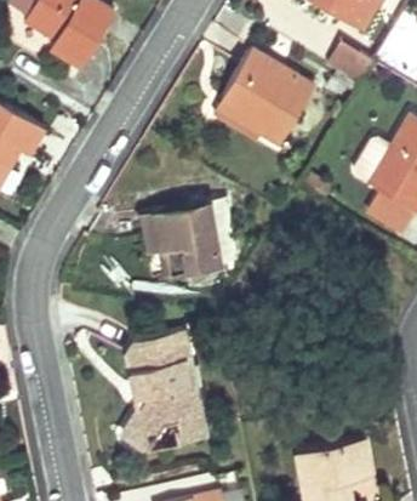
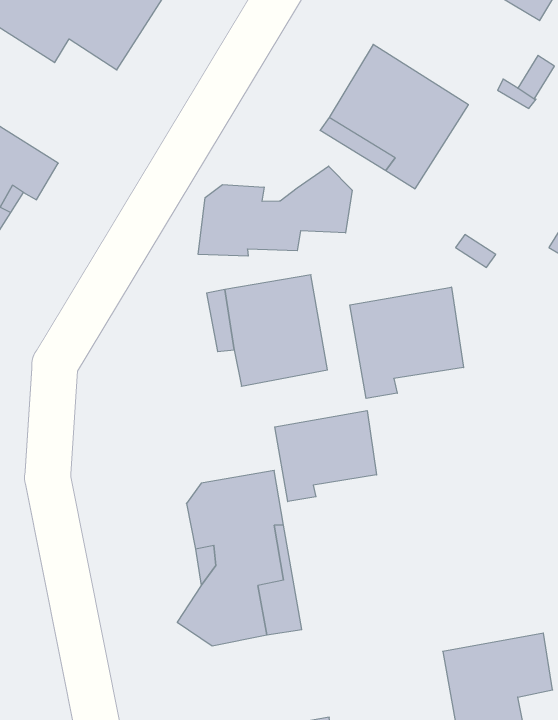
building: none -> [198,166,352,256]
building: none -> [350,287,464,398]
building: none -> [275,411,377,502]

